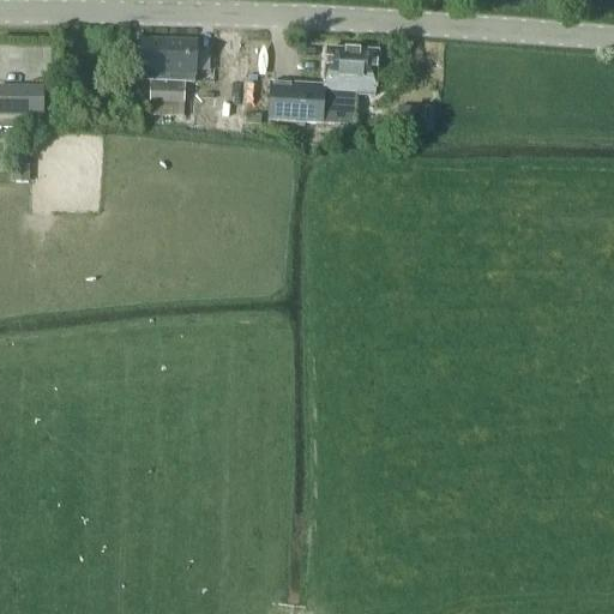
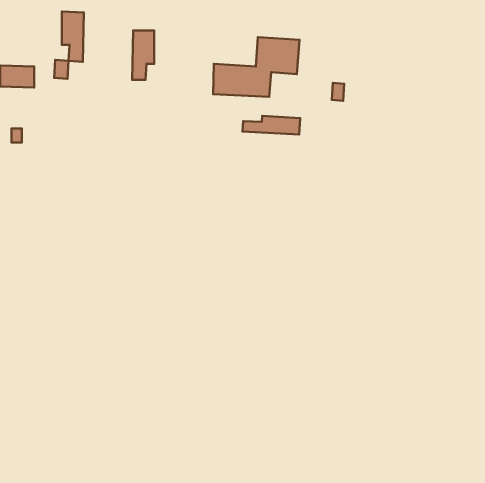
building: [142,37,169,101] -> [62,11,84,62]
building: none -> [242,116,300,134]

